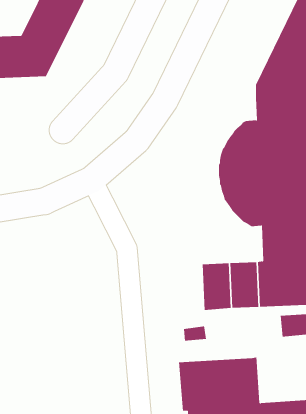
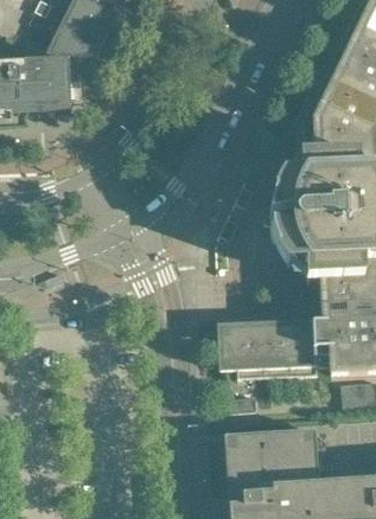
building: none -> [218,322,254,376]

